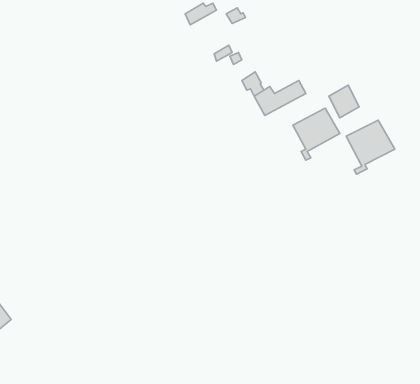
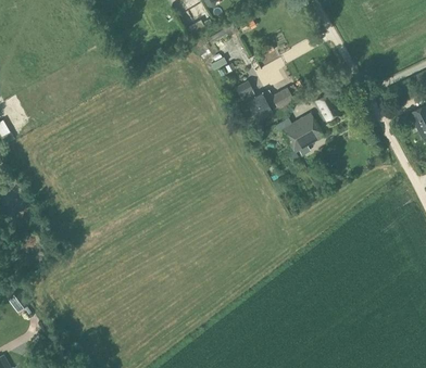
building: [346,120,395,174] -> none

